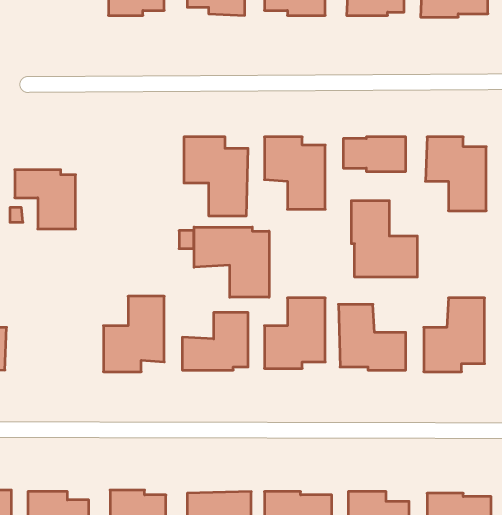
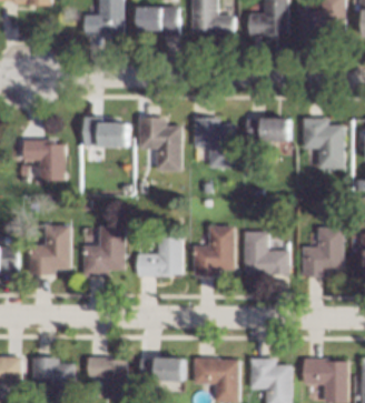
building: none -> [83,117,128,147]
building: [351,201,417,277] -> none
building: [194,227,269,297] -> none
building: none -> [30,224,71,274]

